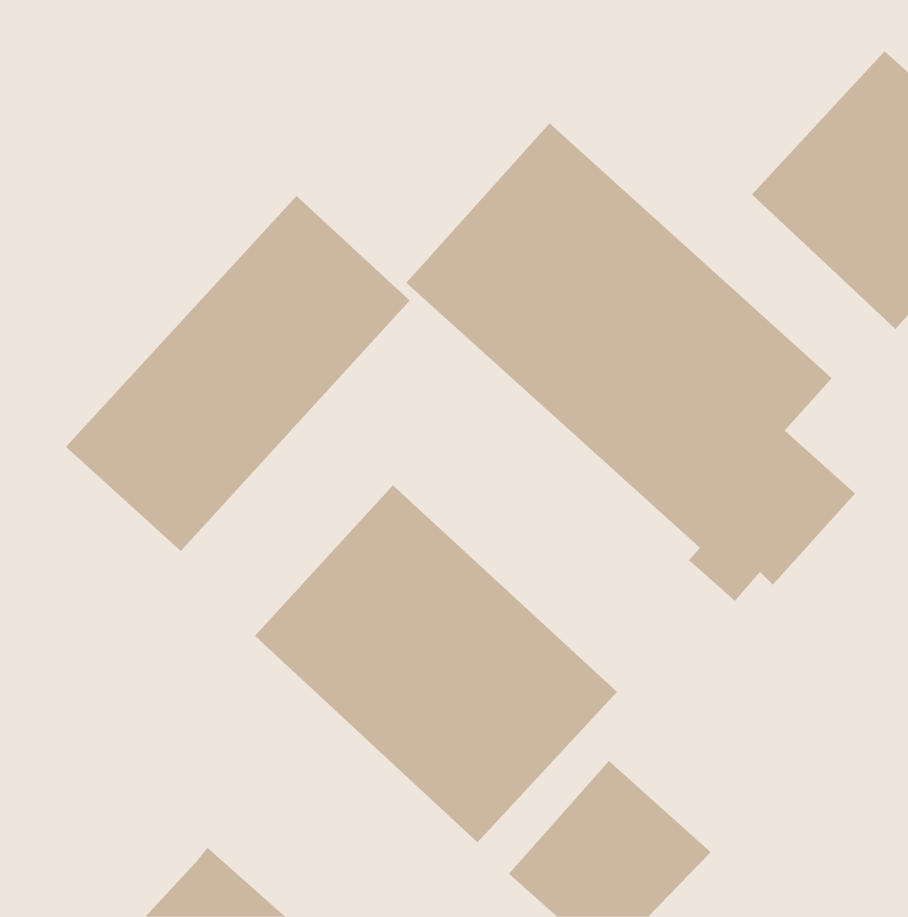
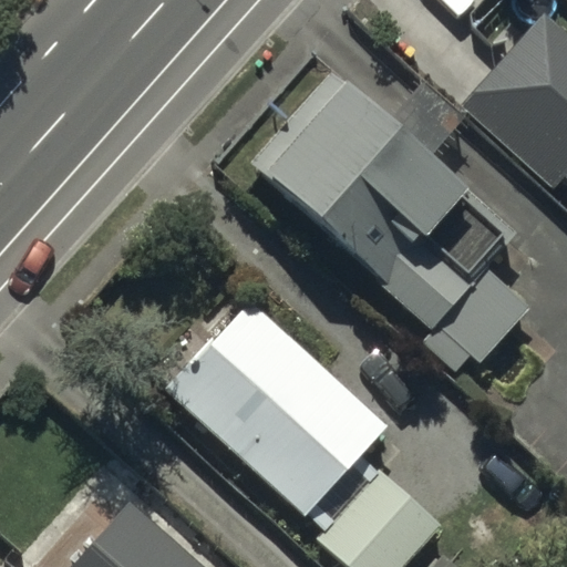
building: [65,195,411,552] -> none

